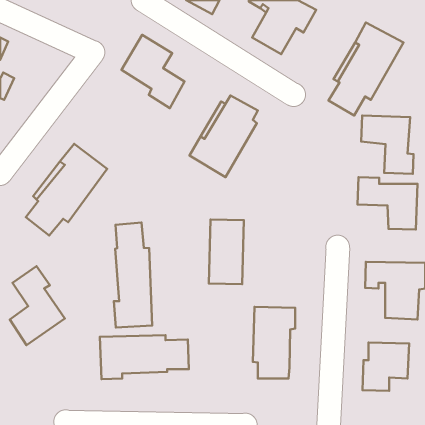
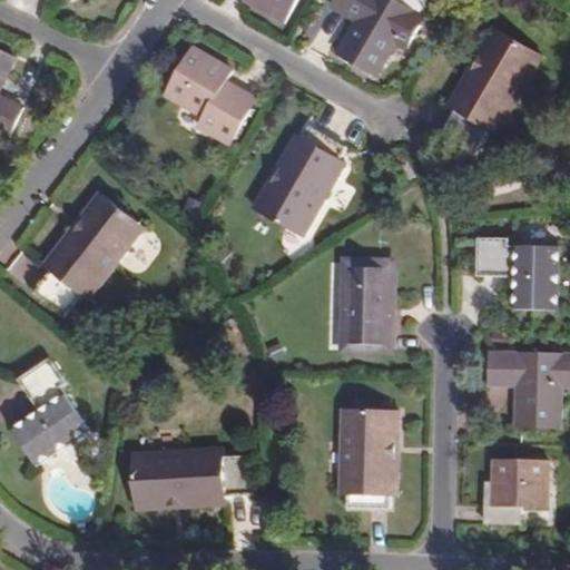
building: [361,115,414,174] -> none
building: [209,219,244,284] -> [344,263,391,350]
building: [114,223,152,327] -> none

